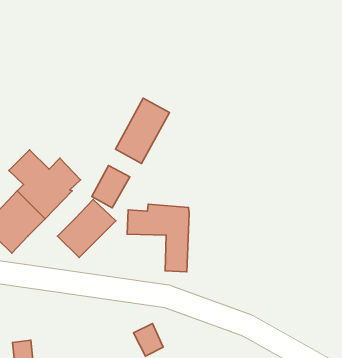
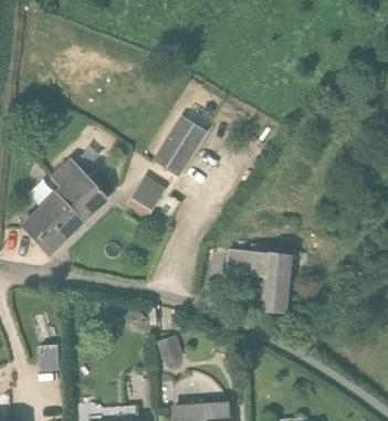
building: [58,200,116,257] -> none
building: [127,204,189,272] -> [228,245,289,313]

